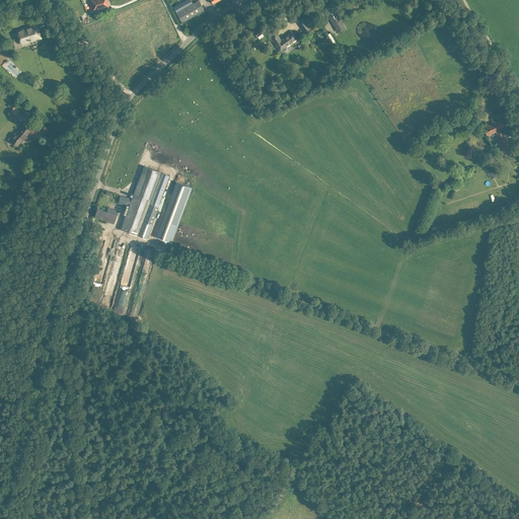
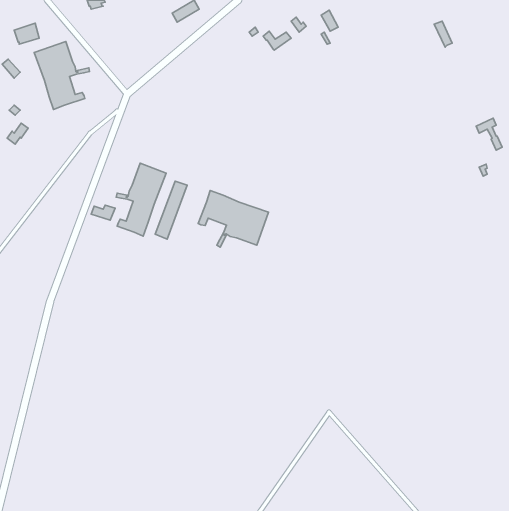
building: none -> [34,42,90,110]
building: none -> [198,190,269,247]

